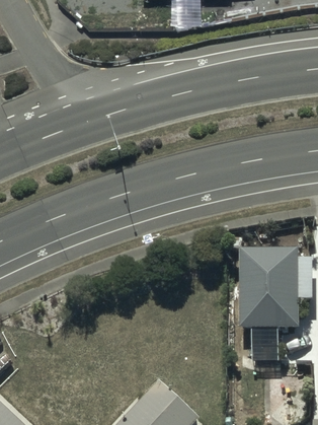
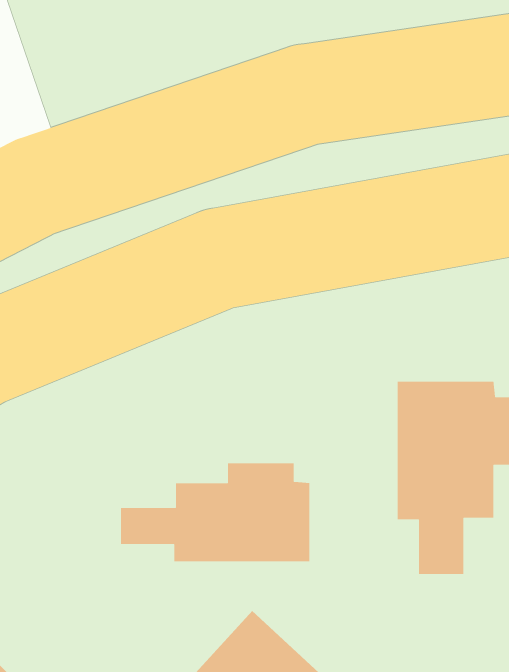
building: none -> [120,462,310,562]

